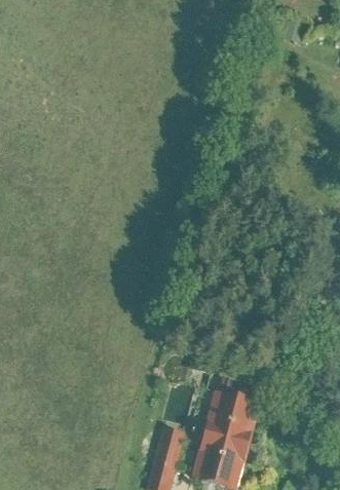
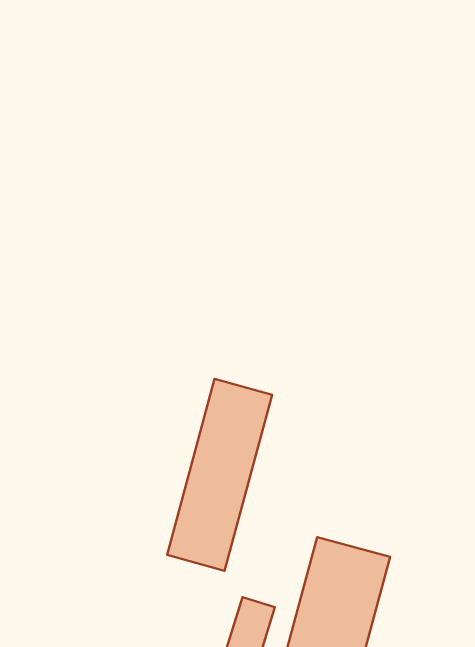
building: none -> [167,379,272,571]

